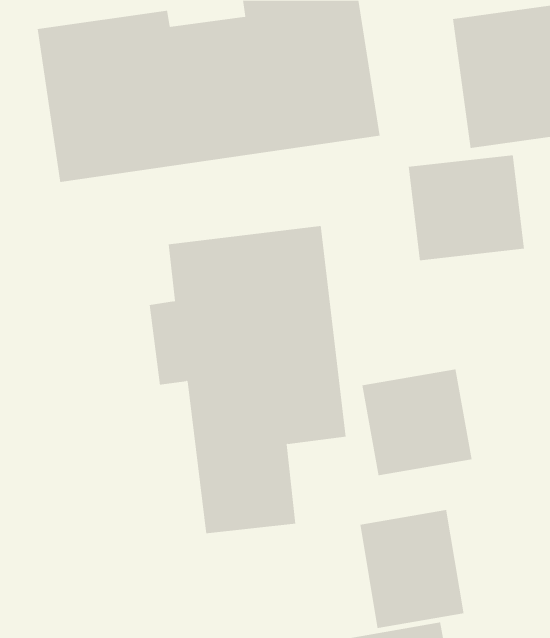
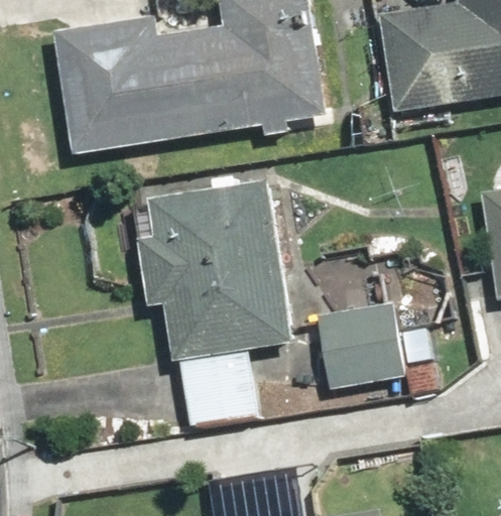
building: [408,154,525,261] -> none
building: [360,509,464,629] -> none

